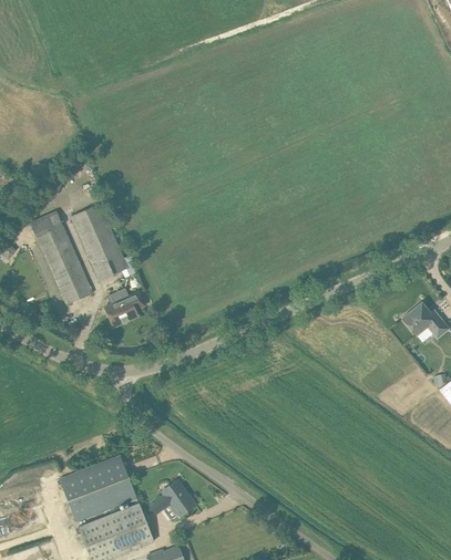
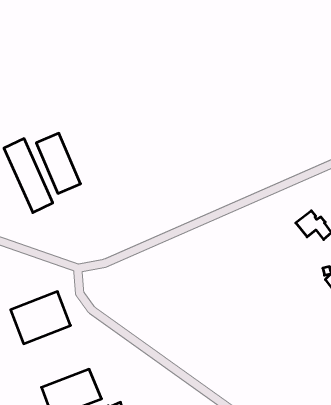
building: [104,289,144,326] -> none
building: [60,456,136,522] -> [11,292,71,344]
building: [150,479,195,517] -> none

